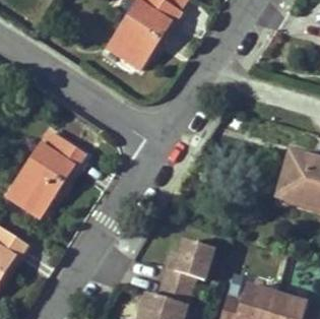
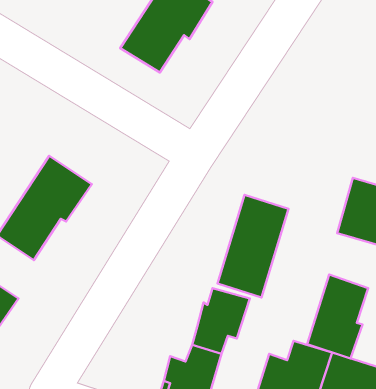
building: none -> [218,195,289,297]
building: none -> [307,275,368,358]

